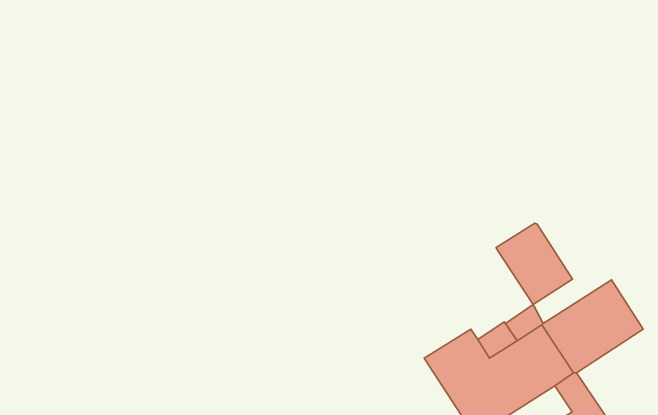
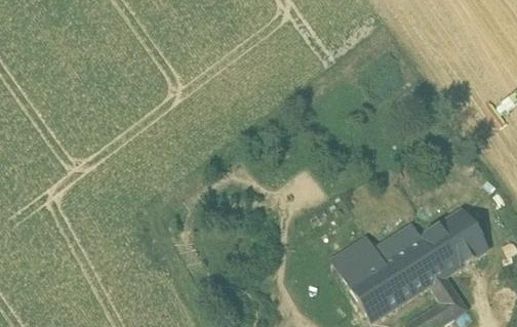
building: [496,223,572,305] -> none

